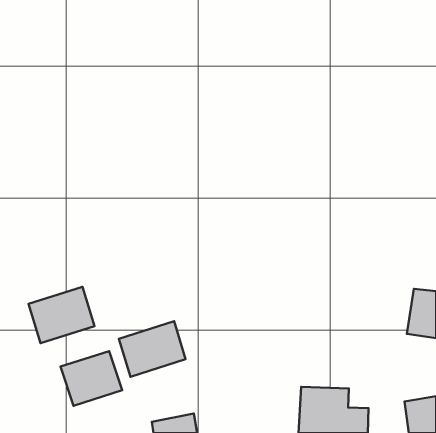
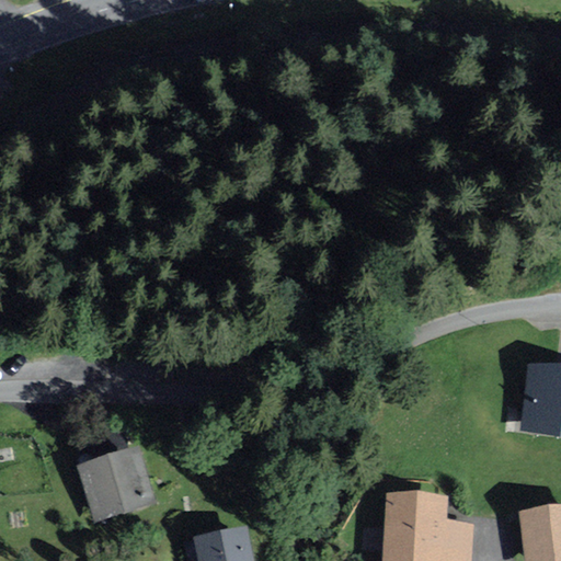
building: [28,287,94,343] -> none
building: [119,321,186,377] -> none

